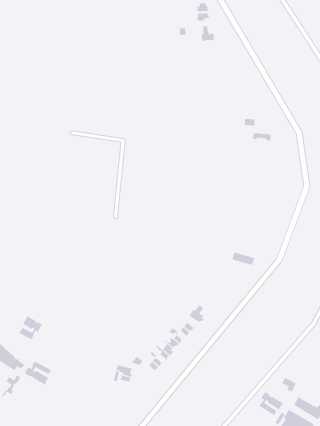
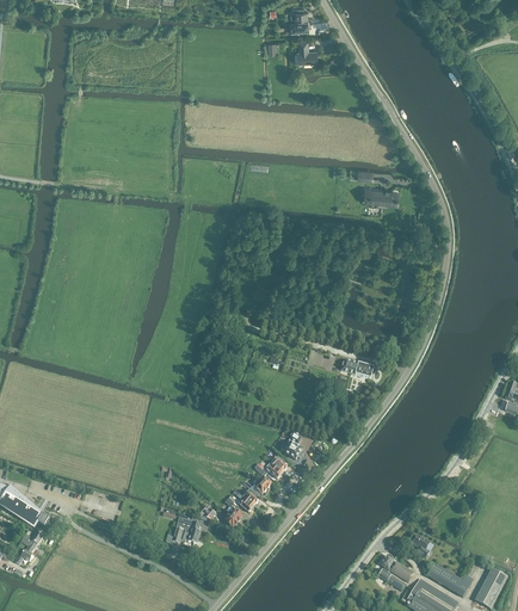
building: [19,315,43,340] -> none
building: [24,360,52,385] -> none

